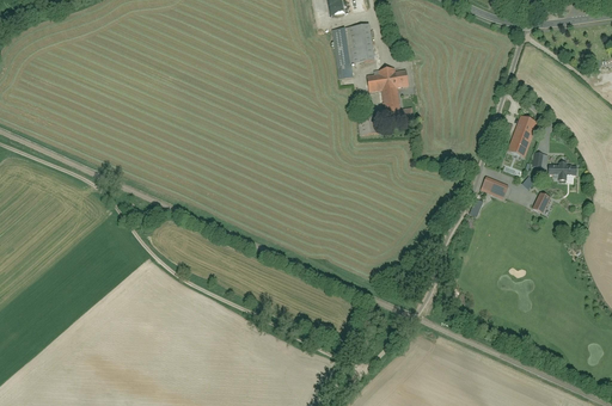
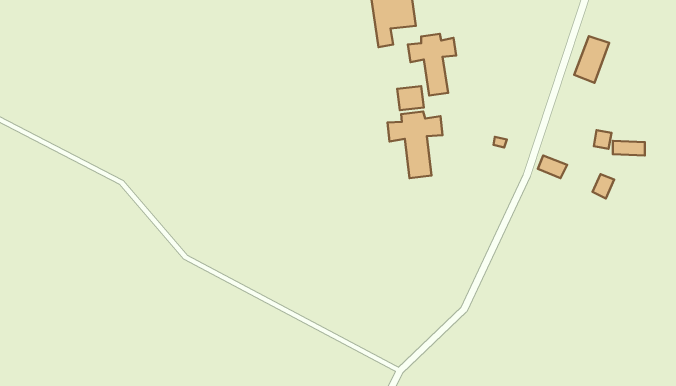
building: [507,116,538,158] -> [574,36,609,83]
building: none -> [388,112,443,178]

